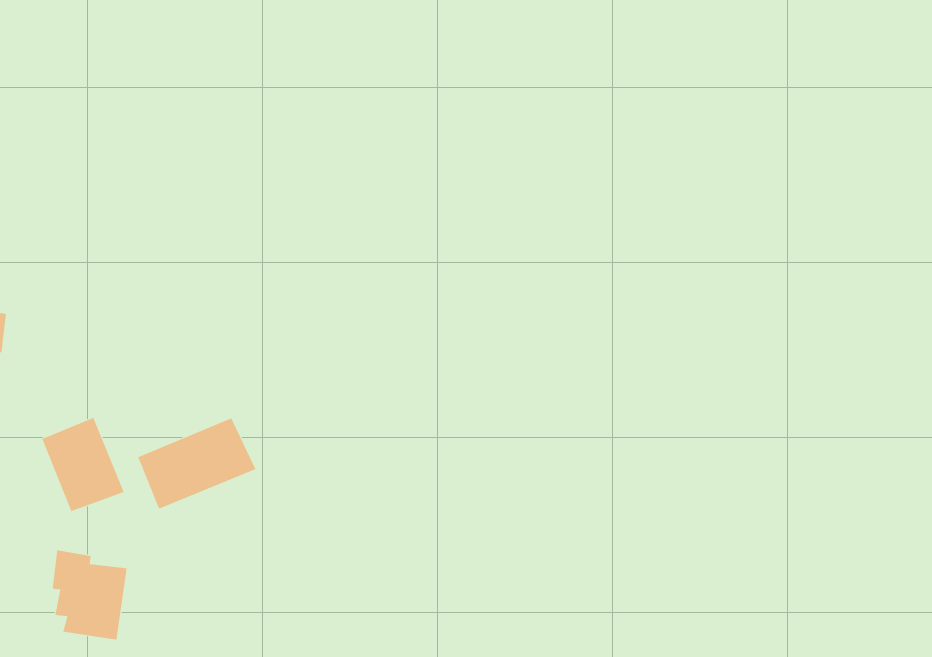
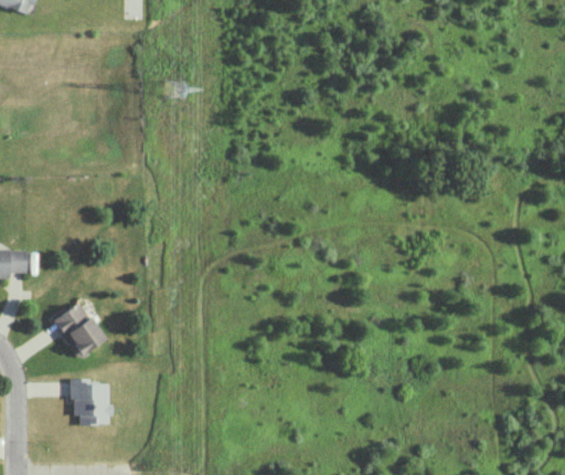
building: [137,417,256,510] -> none

